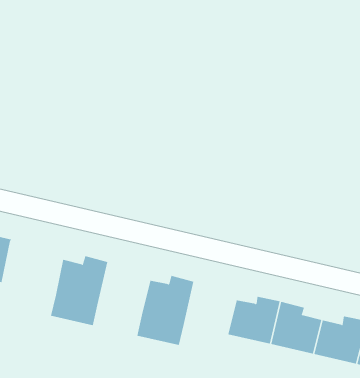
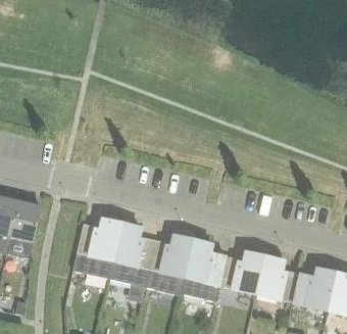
building: none -> [108,225,155,286]
building: none -> [180,241,227,303]

